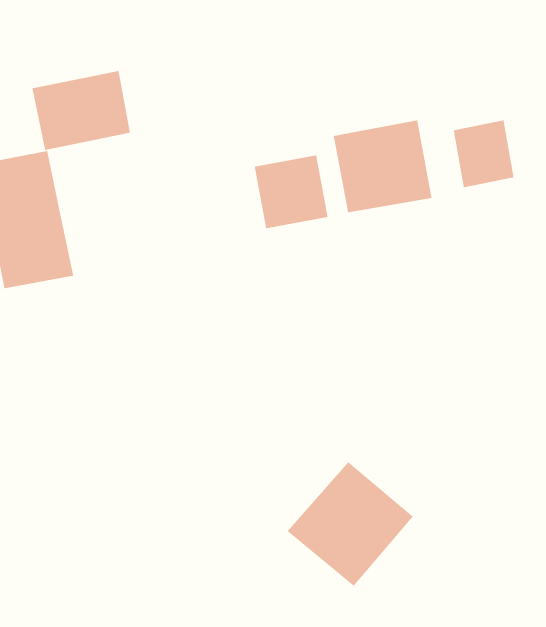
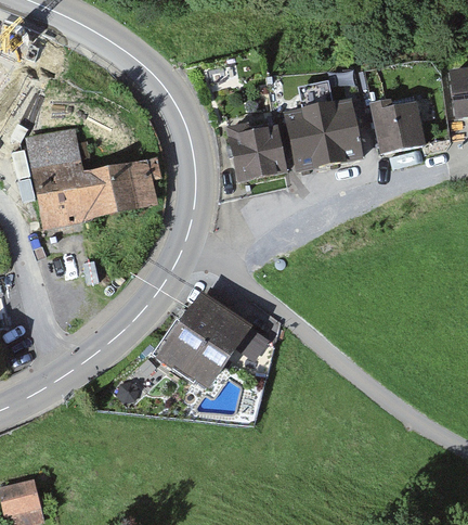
building: [31,70,131,151] -> [86,157,159,217]
building: [287,461,414,587] -> [155,295,249,388]

